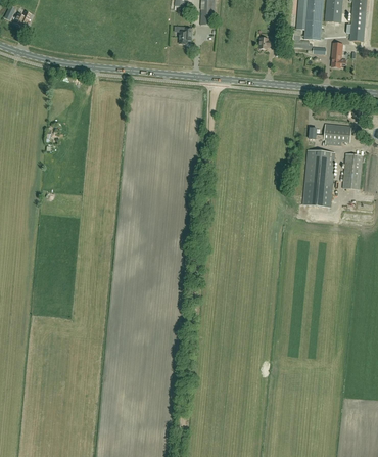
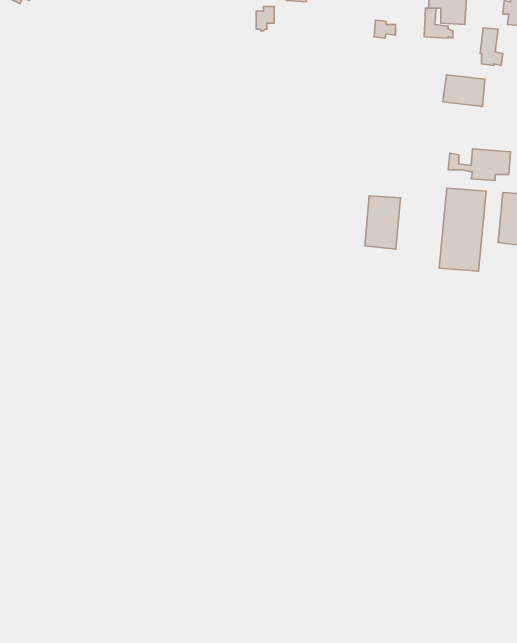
building: none -> [443,75,485,107]
building: none -> [365,196,401,249]

